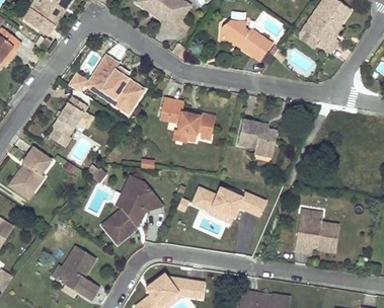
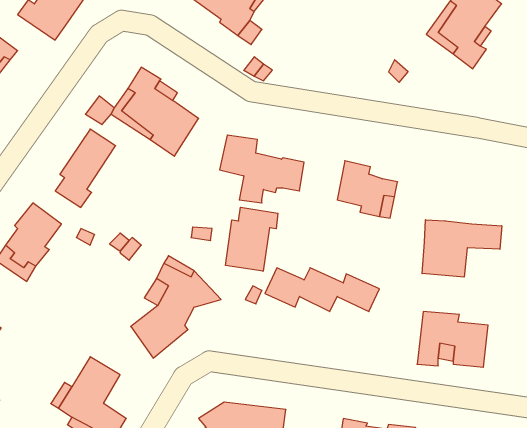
building: [218,19,272,62] -> none
building: none -> [226,207,278,271]
building: none -> [422,220,502,277]

